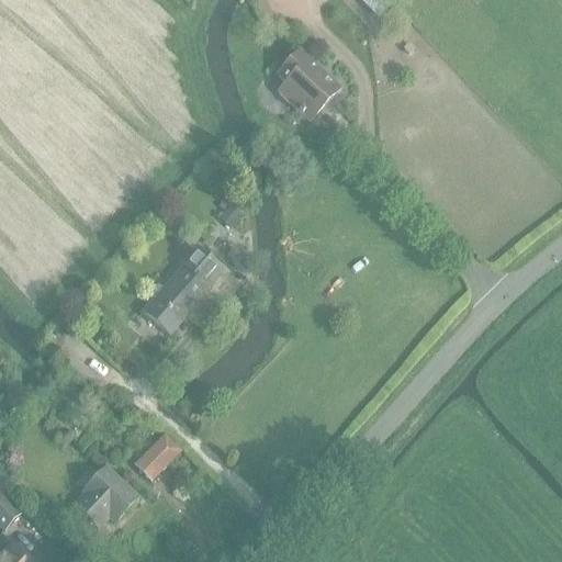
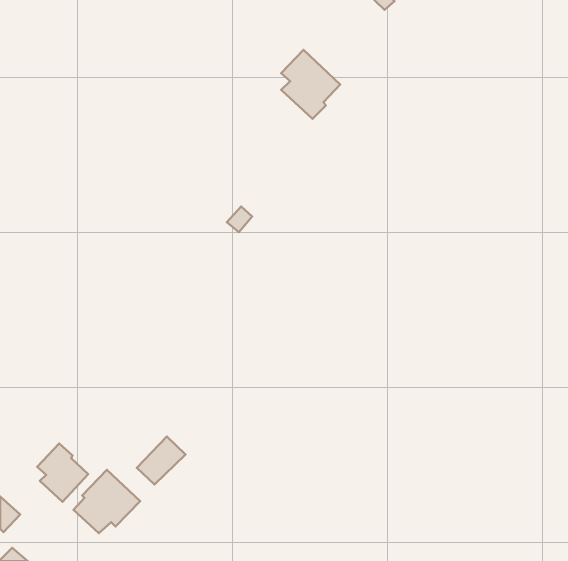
building: [144,245,222,333] -> none
building: none -> [37,444,88,502]

